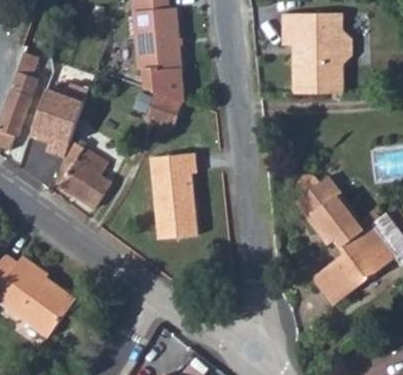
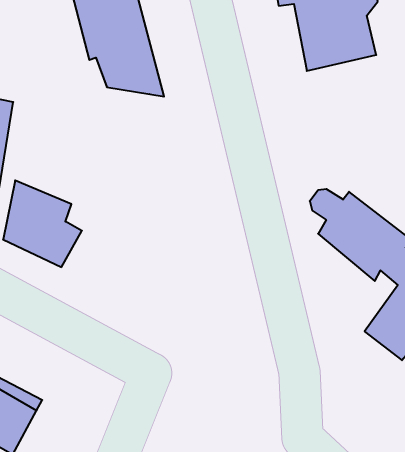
building: [141,85,179,121] -> none
building: [151,147,200,234] -> none

